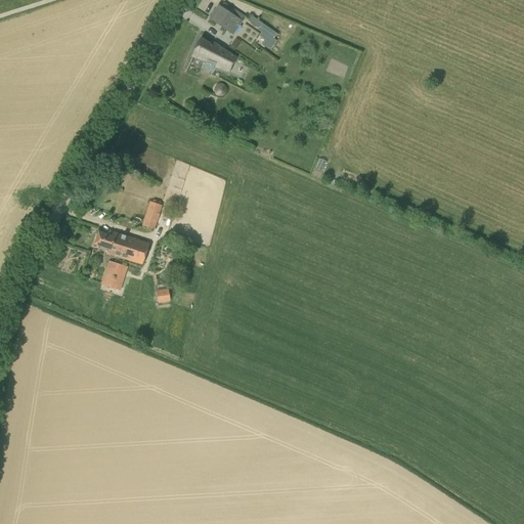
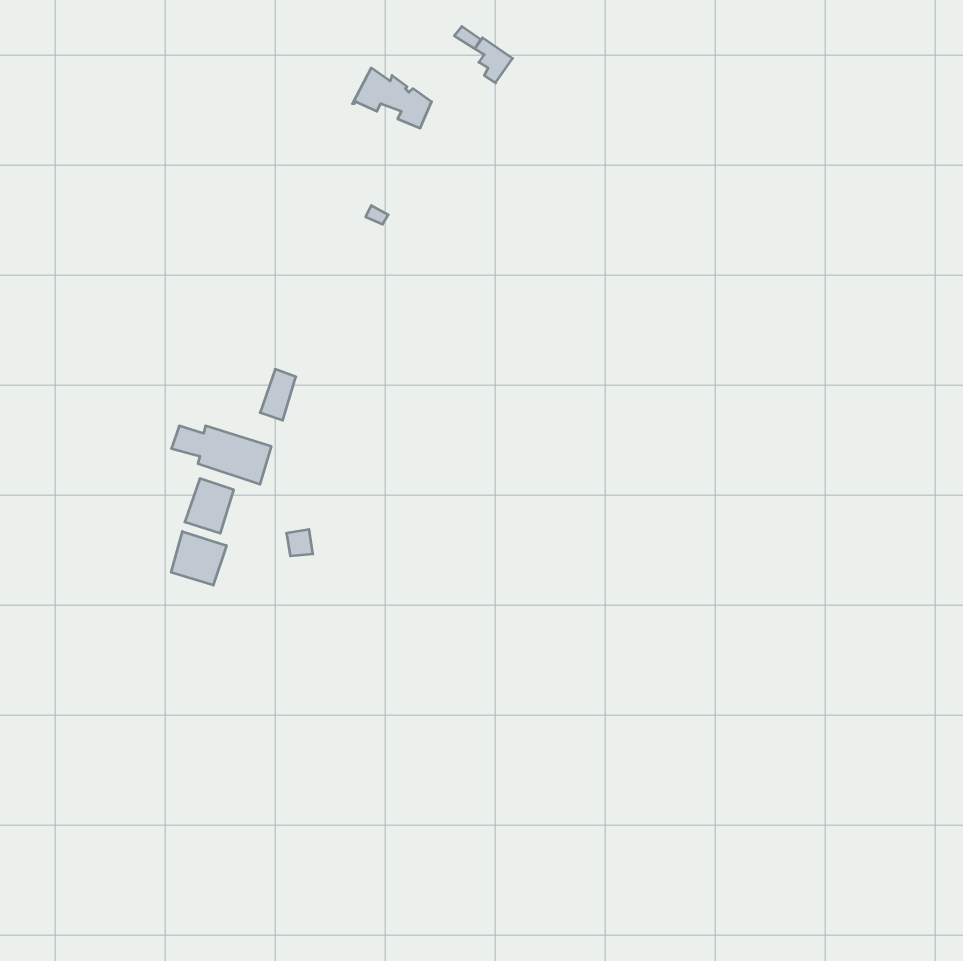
building: [209,4,241,33] -> none
building: none -> [171,531,226,585]

